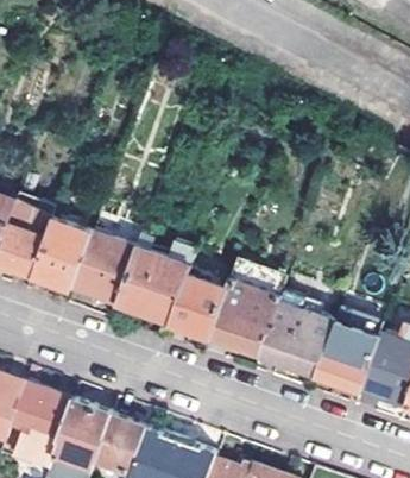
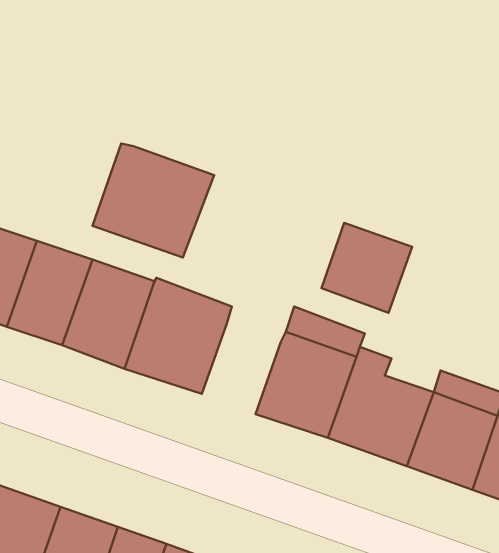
building: none -> [92,144,214,258]
building: none -> [321,223,412,313]
building: [171,273,227,338] -> none

